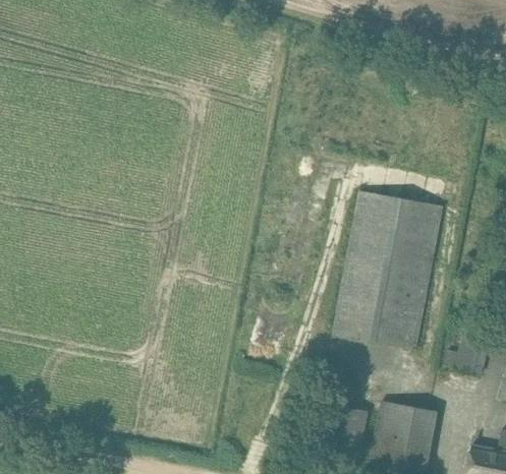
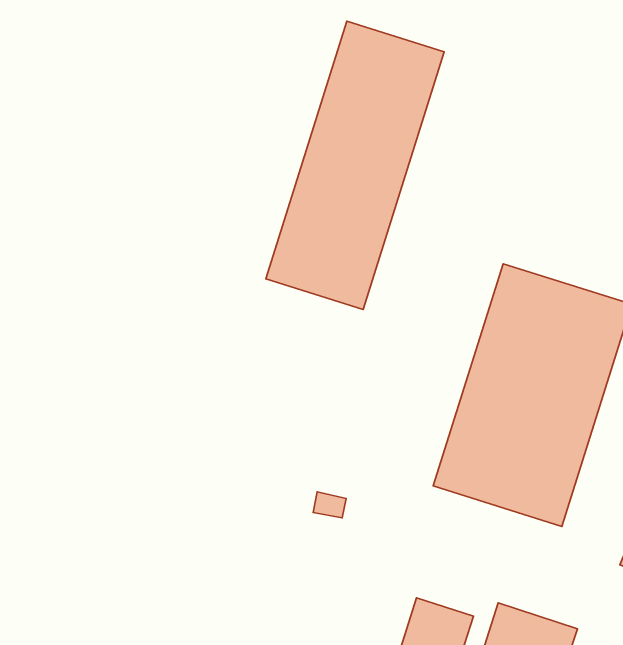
building: none -> [266,21,444,310]

